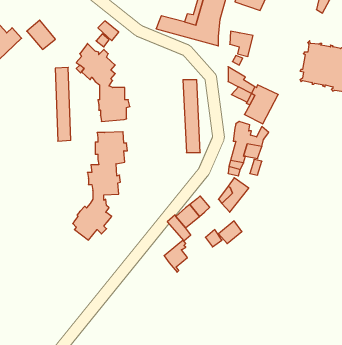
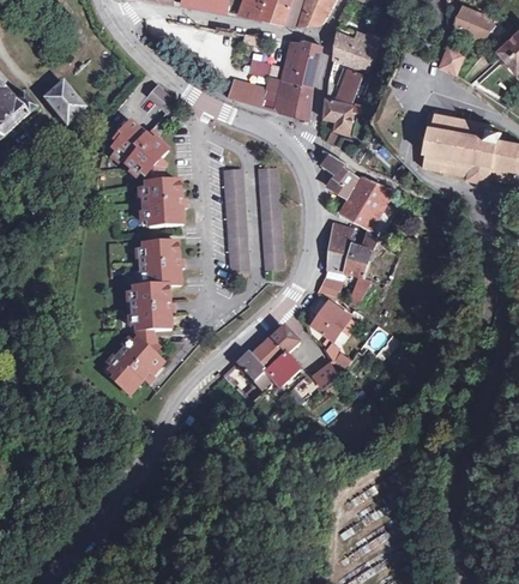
building: none -> [325,68,362,101]
building: [55,67,71,141] -> [224,167,246,269]
building: [164,240,187,272] -> [262,349,295,393]

